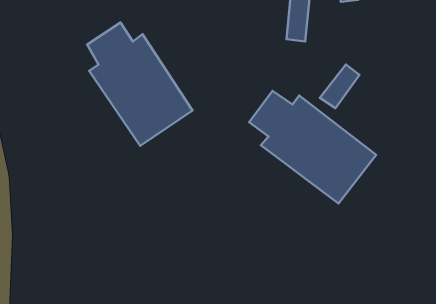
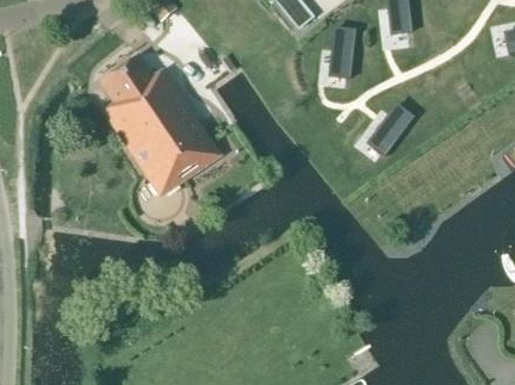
building: [249,91,376,204] -> none

